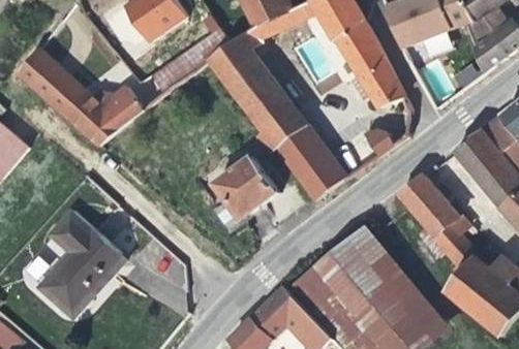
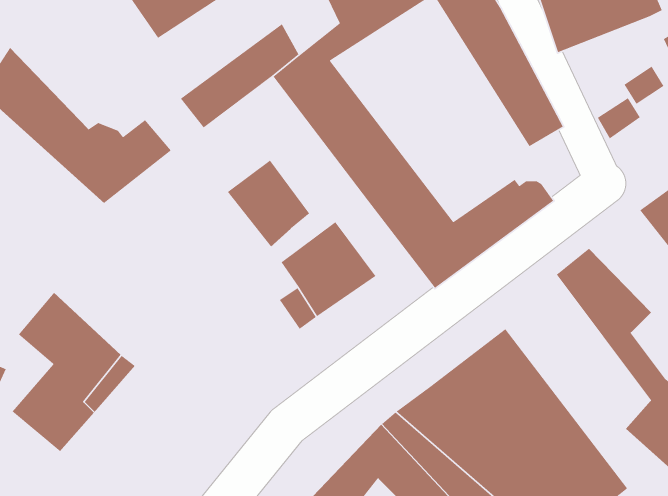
building: none -> [227,160,310,247]

